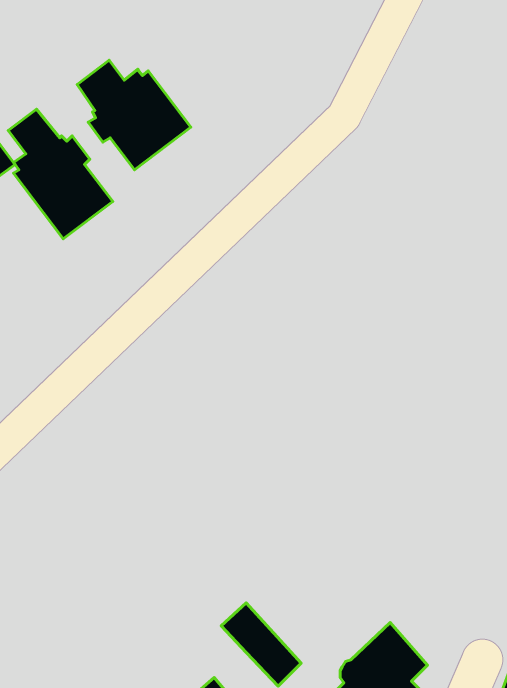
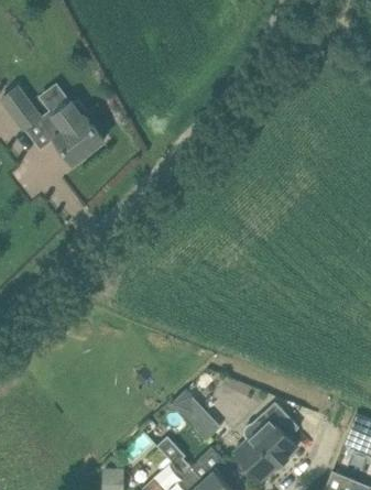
building: [77,60,191,170] -> none

